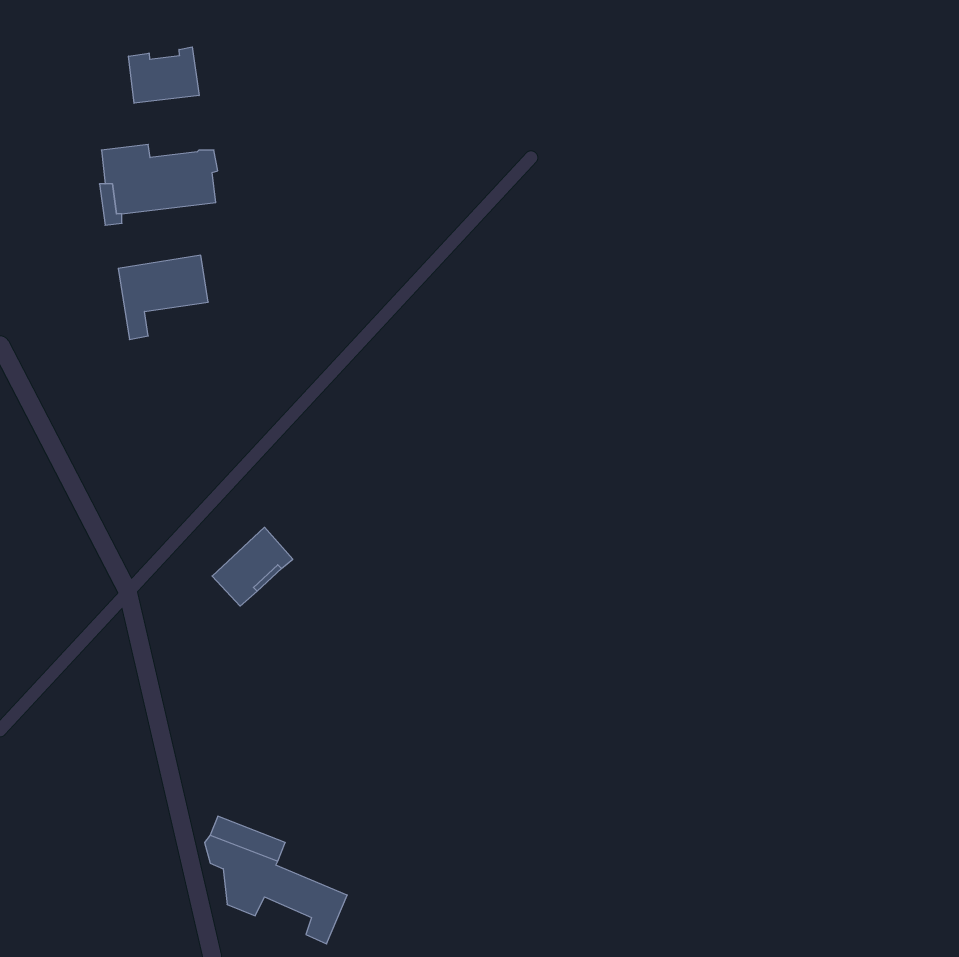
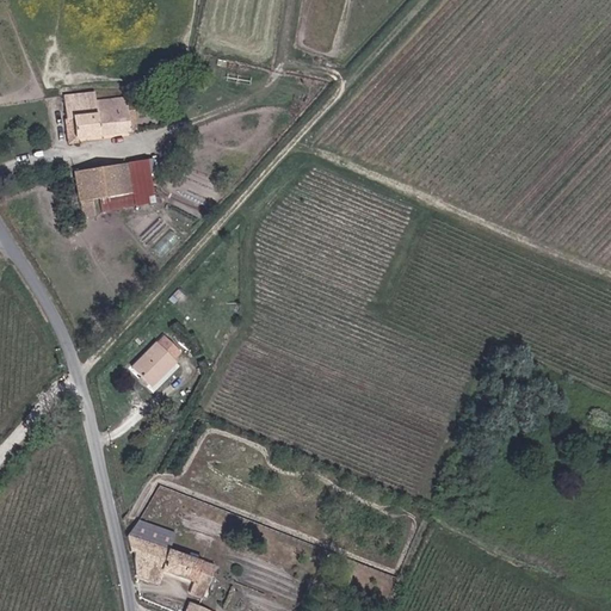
building: [129,47,199,103] -> none
building: none -> [128,159,153,205]

